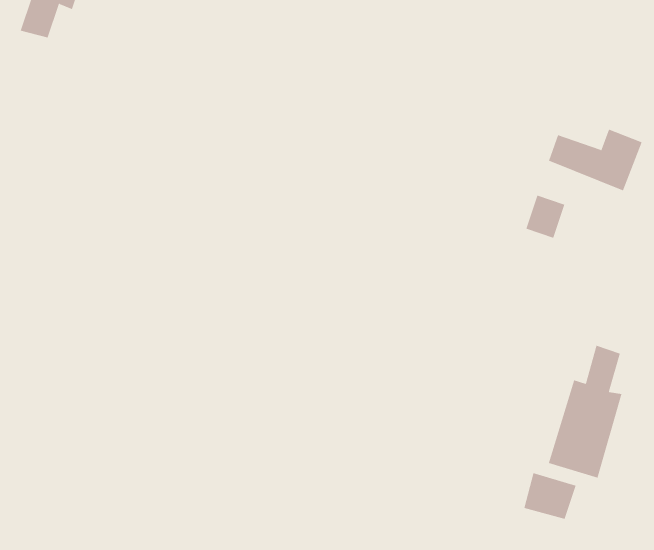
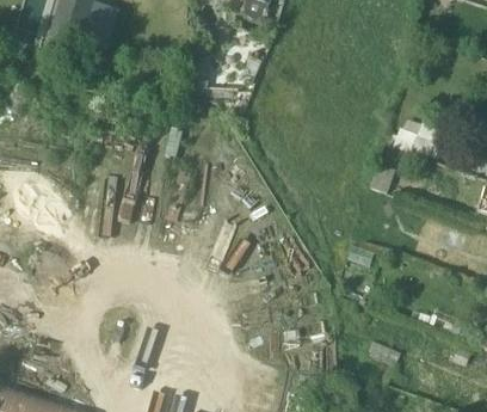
building: [548,345,622,479] -> none

